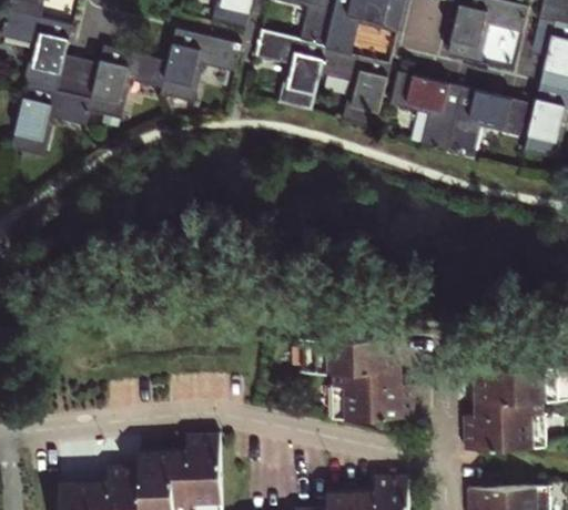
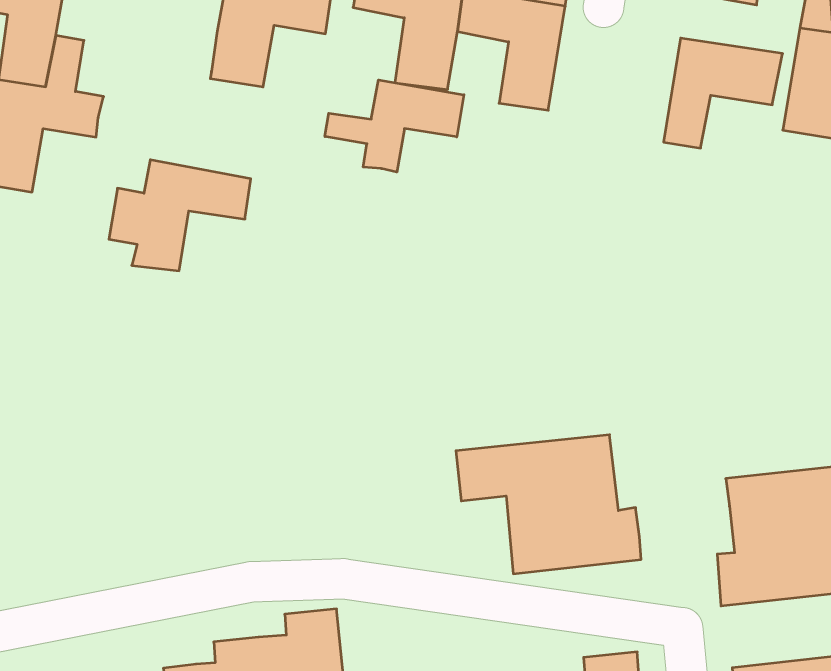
building: [74,45,168,118] -> [109,160,251,271]
building: [390,73,463,153] -> none
building: none -> [325,80,464,172]

